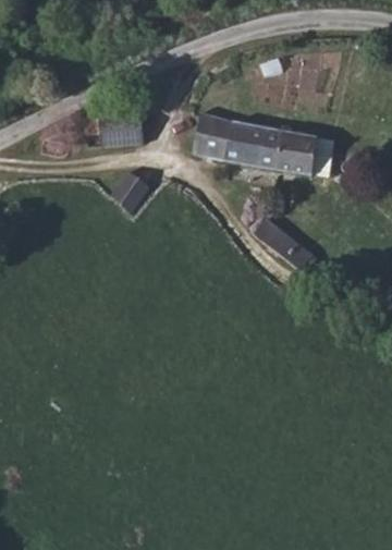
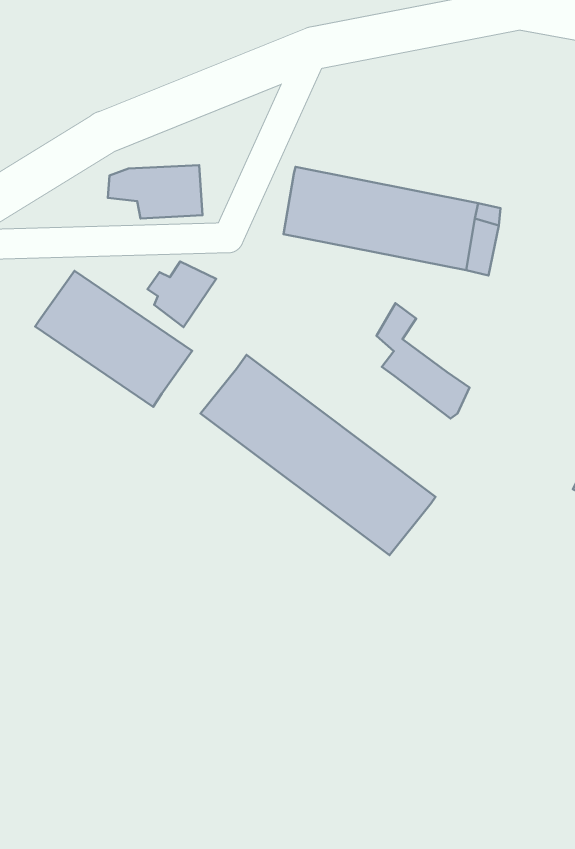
building: none -> [35,271,192,407]
building: none -> [201,355,435,555]

